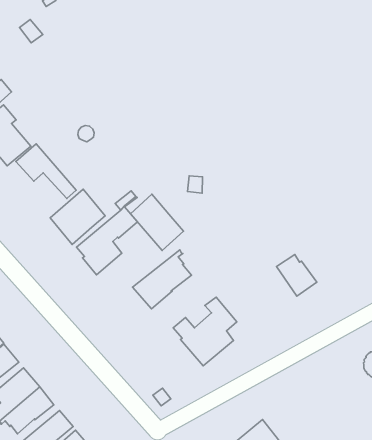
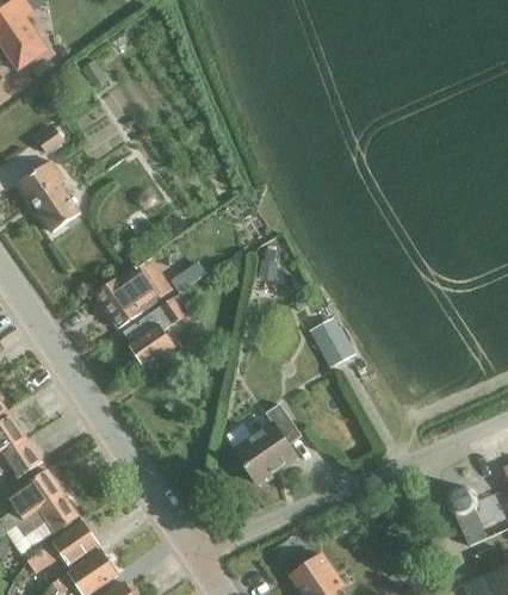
building: [16,144,76,199] -> none
building: [131,194,184,251] -> none
building: [133,250,191,309] -> none
building: [277,255,317,296] -> [309,318,354,367]

